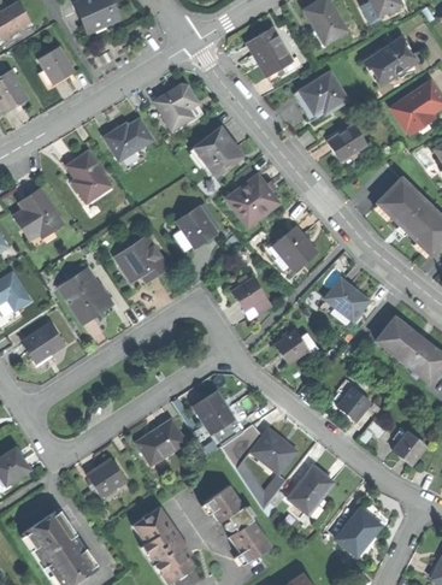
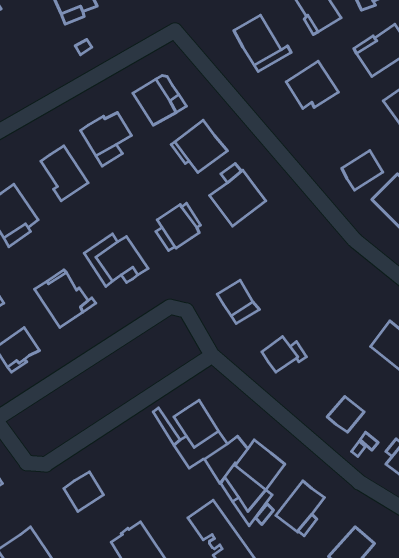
building: [40,48,72,83] -> none
building: [326,124,365,161] -> [342,150,383,190]
building: [272,225,317,271] -> none
building: [326,277,370,319] -> none
building: [136,420,185,465] -> none

